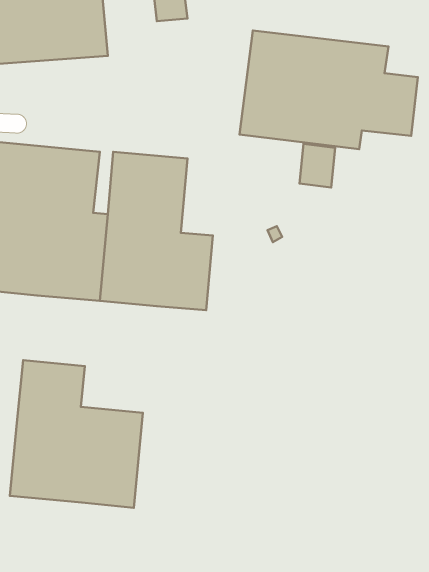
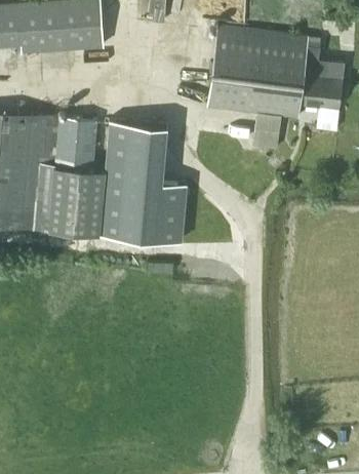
building: [10,360,143,508] -> none

